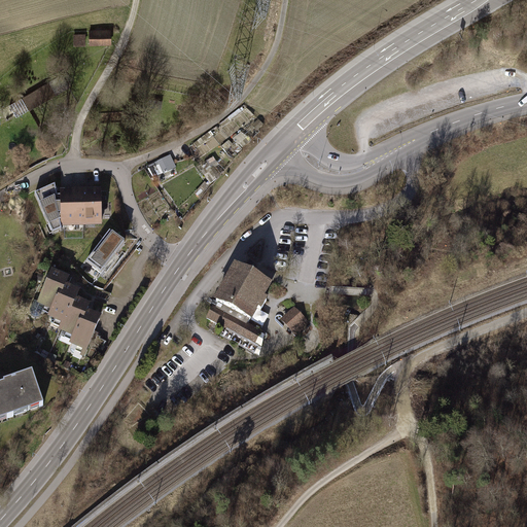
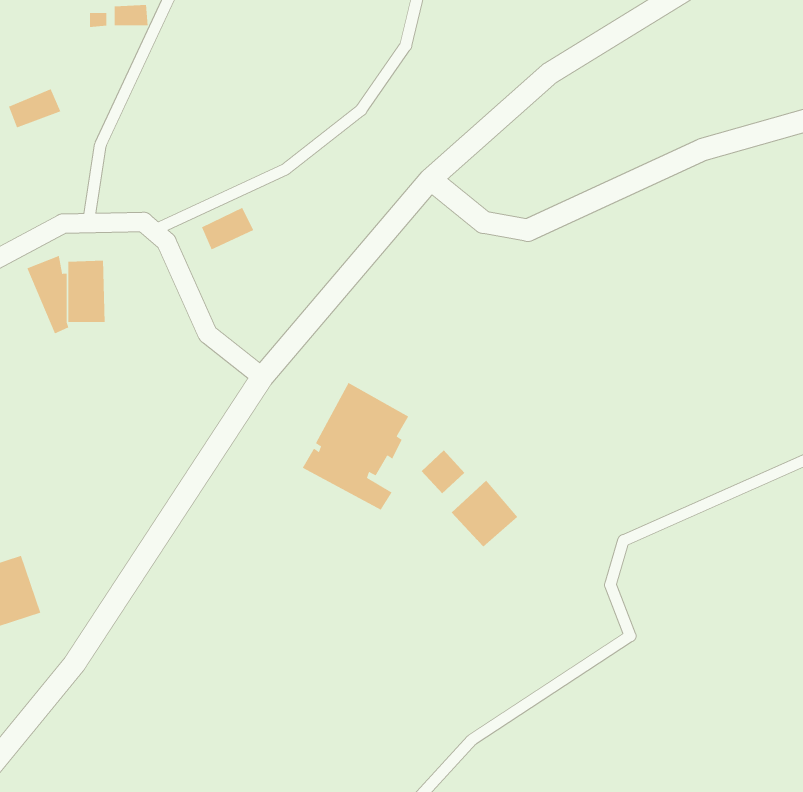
building: [83,185,103,224] -> none
building: [86,232,126,270] -> none
building: [34,259,98,348] -> none
building: none -> [451,480,518,547]

